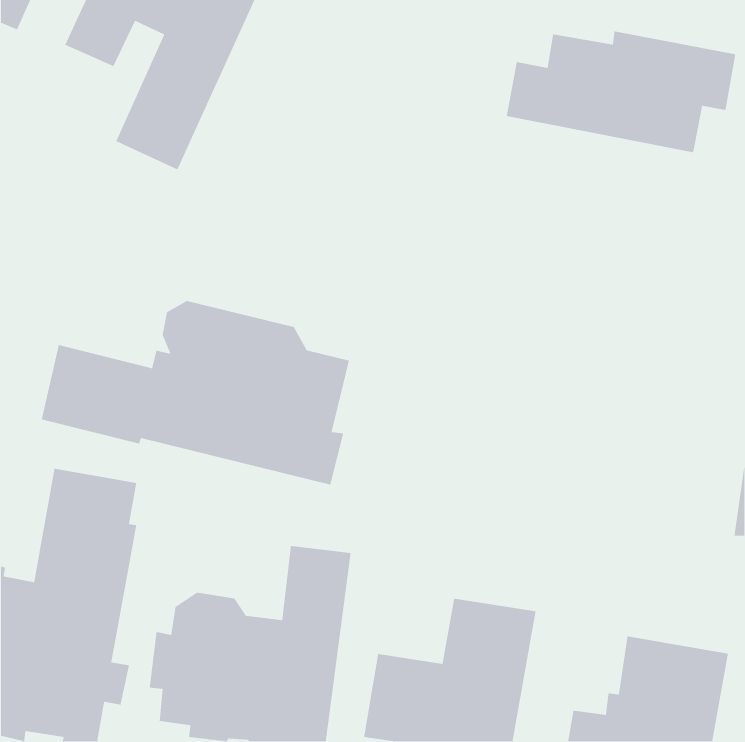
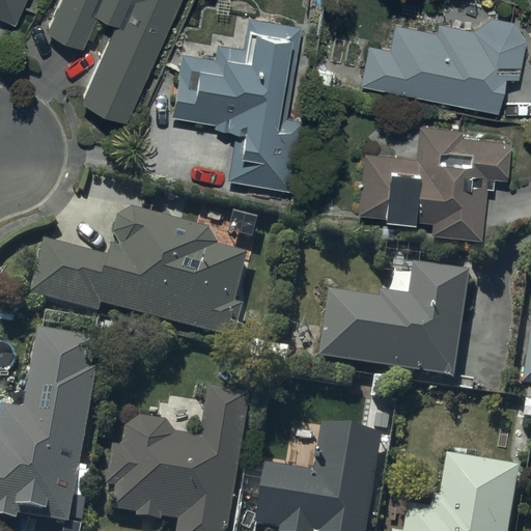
building: none -> [171,18,302,188]
building: none -> [356,125,508,236]
building: none -> [319,262,467,375]

